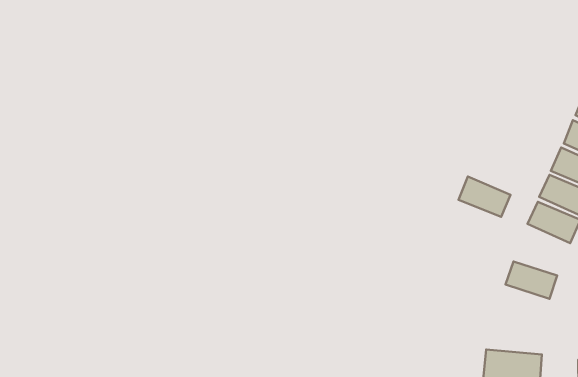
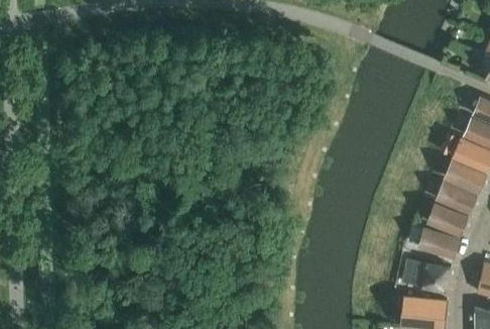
building: [459,177,510,217] -> [426,203,467,234]
building: none -> [402,256,451,290]

